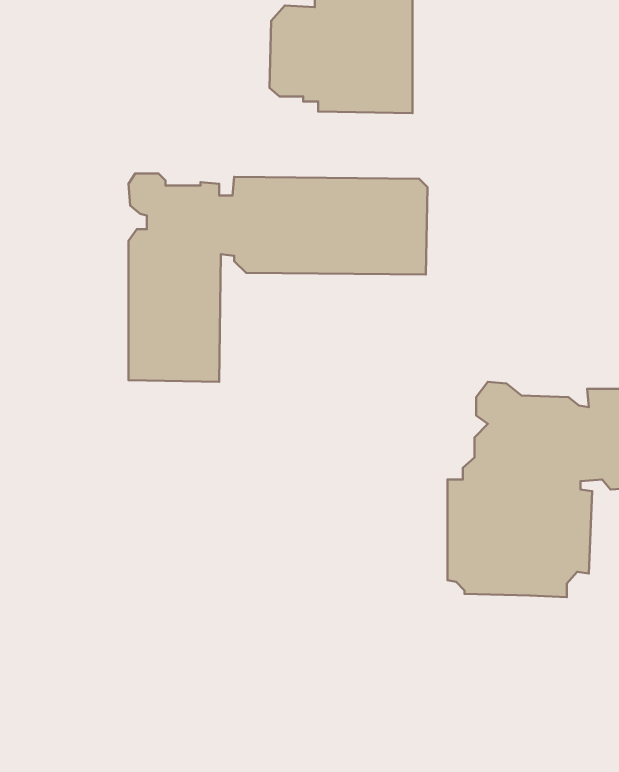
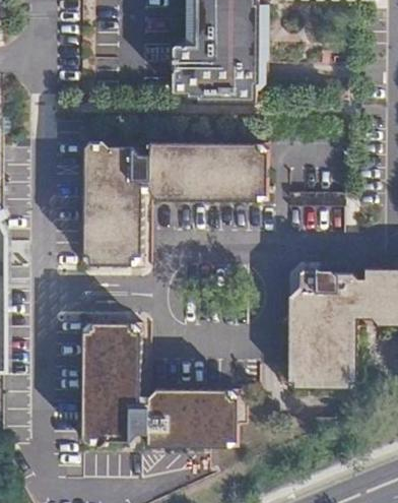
building: none -> [82,320,240,448]

